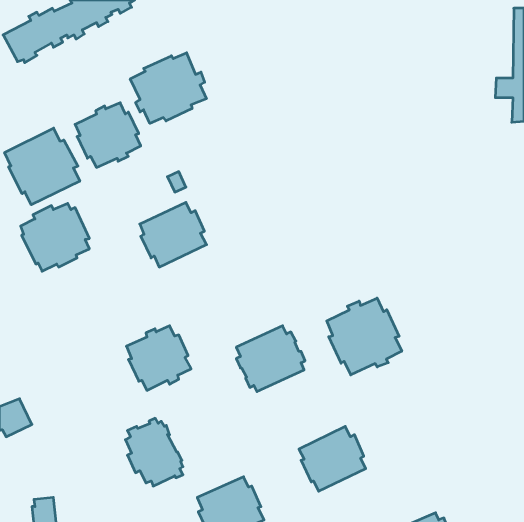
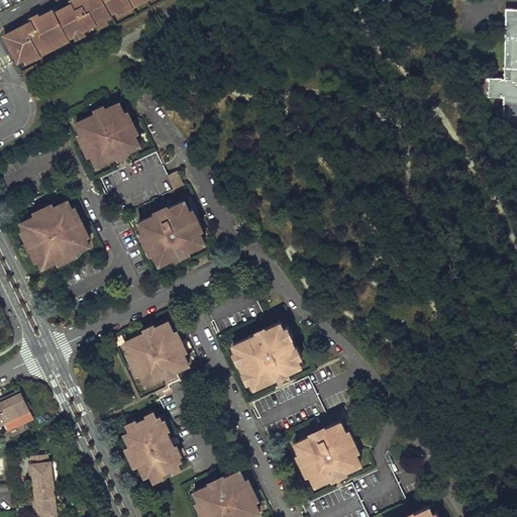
building: [130,53,206,123] -> none
building: [5,128,80,205] -> none
building: [327,298,402,375] -> none
building: none -> [27,456,53,494]

